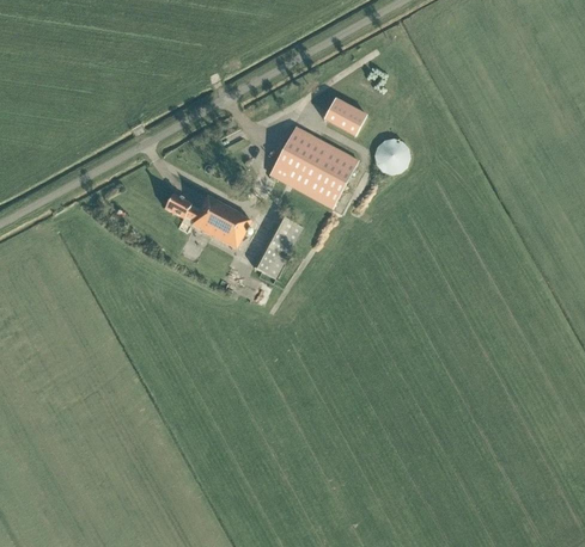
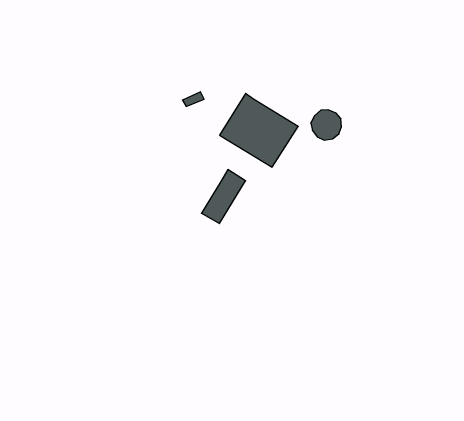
building: [323,98,365,136] -> none
building: [164,193,251,250] -> none

